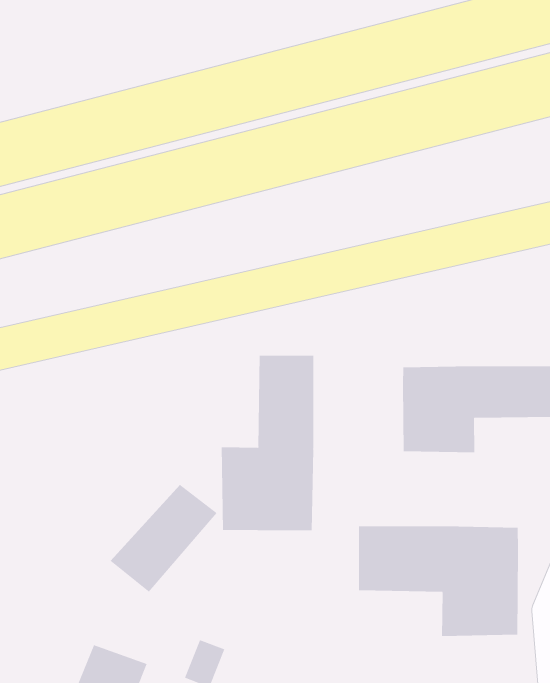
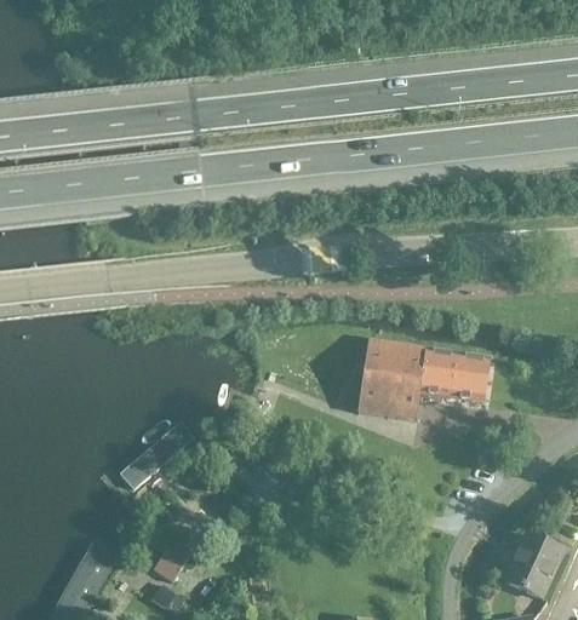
building: [221,355,314,531] -> none
building: [358,525,519,637] -> none

